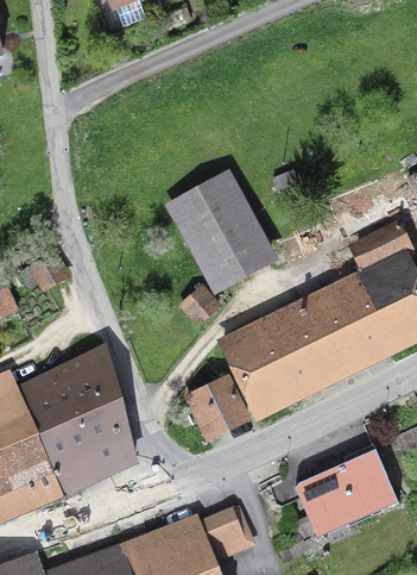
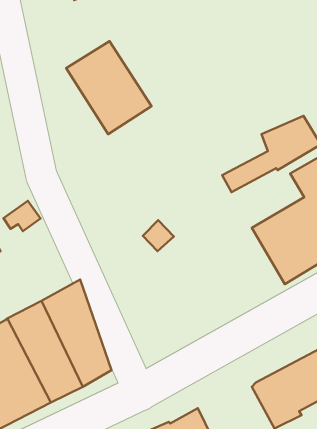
building: [173,180,268,287] -> [66,41,152,134]
building: [222,305,341,414] -> none
building: [190,381,246,437] -> none

